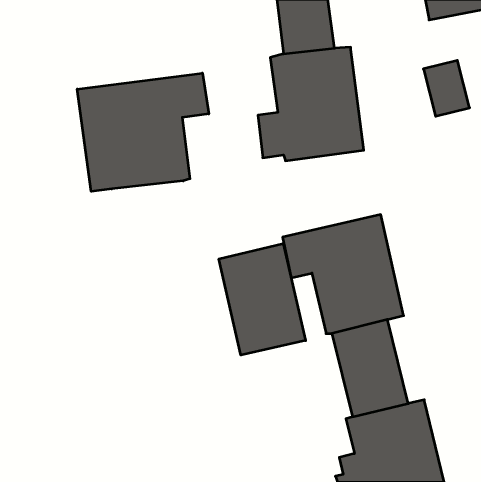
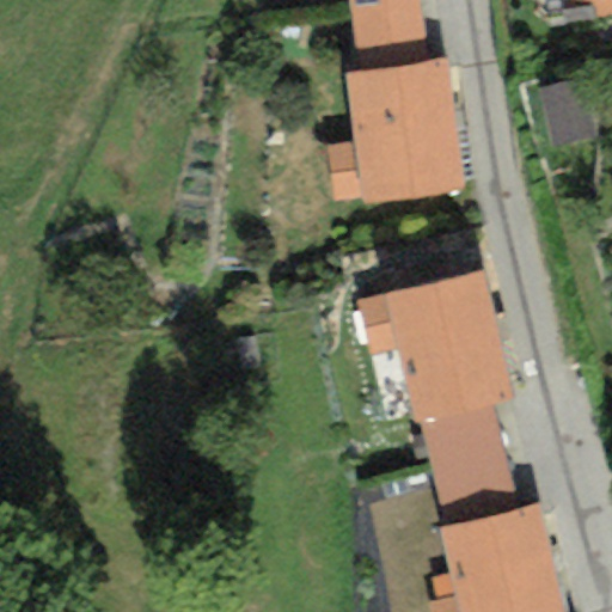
building: [77,73,209,191] -> none
building: [219,243,306,355] -> none

